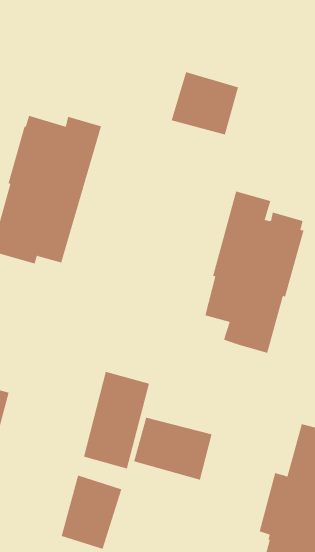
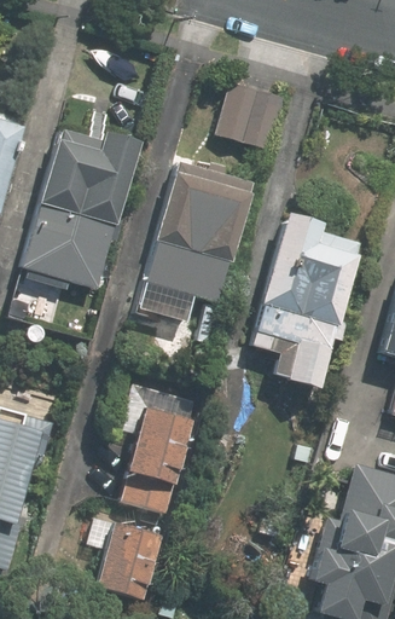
building: none -> [136,155,252,323]
building: [133,417,212,481] -> none

